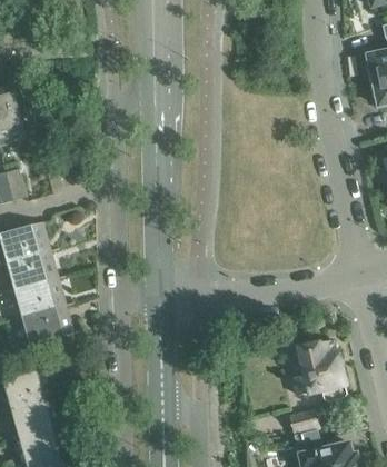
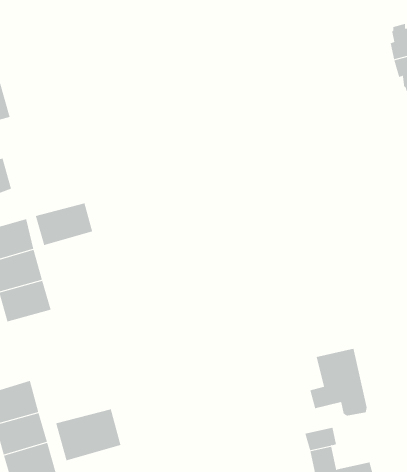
building: none -> [35,202,93,246]
building: [22,305,70,344] -> none
building: none -> [55,409,121,461]

